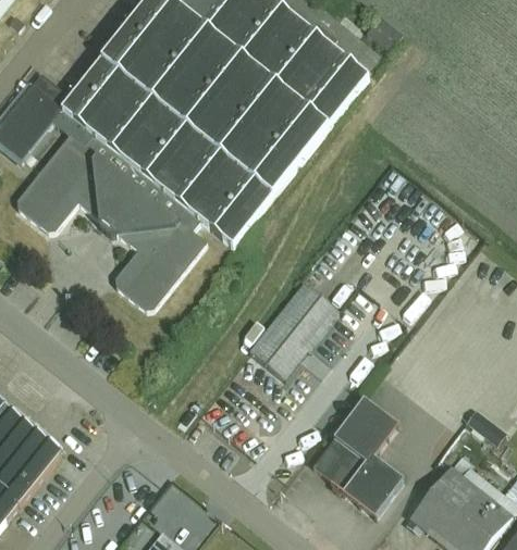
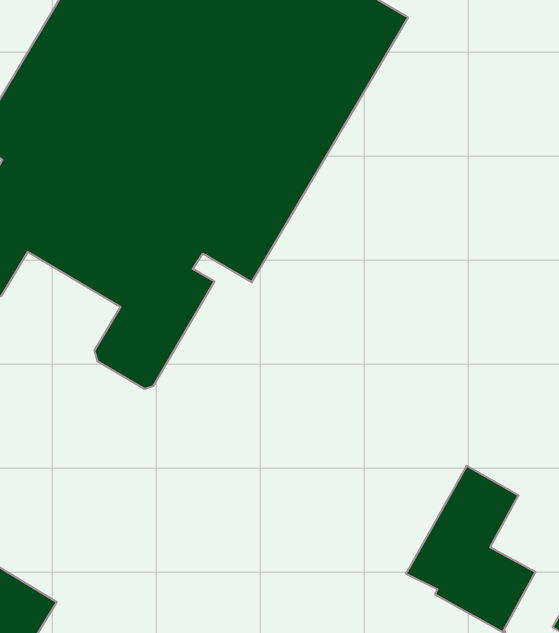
building: [249,282,340,378] -> none

